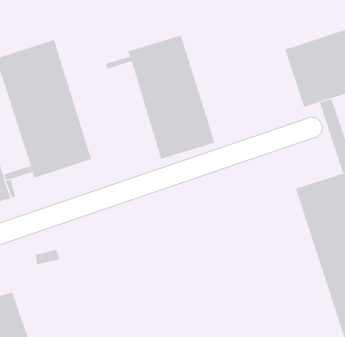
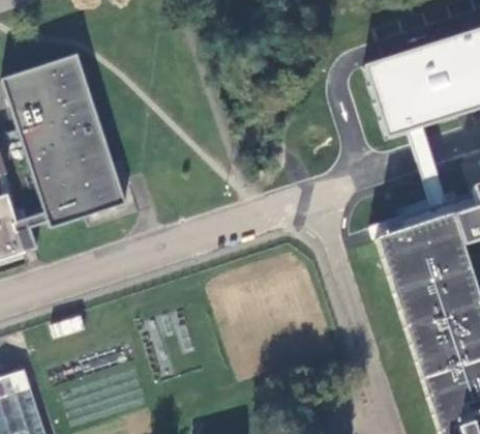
building: [105,35,215,159] -> none

